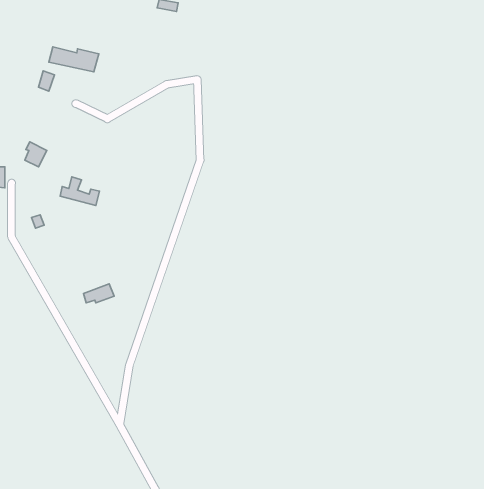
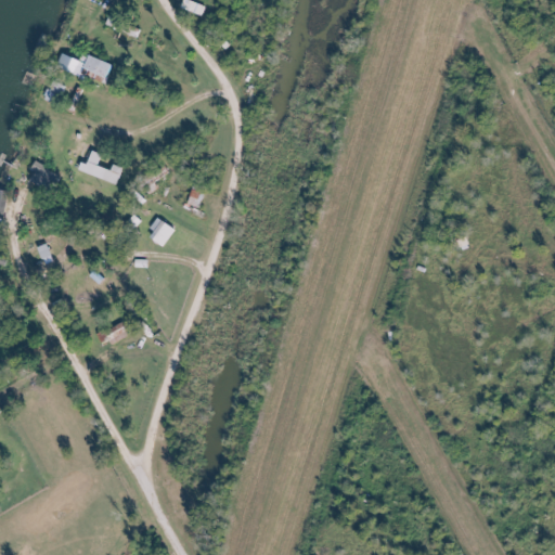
building: [60,177,100,206] -> [77,150,121,182]
building: none -> [145,217,173,246]

